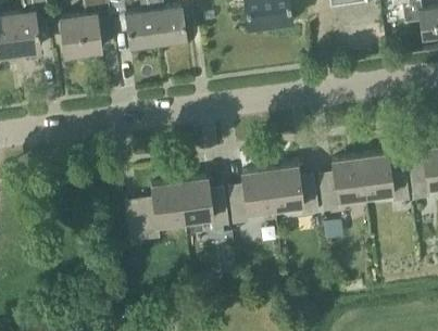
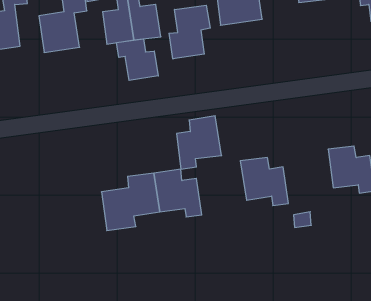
building: none -> [169,5,210,59]
building: none -> [117,39,158,80]
building: [320,158,366,214] -> none
building: [229,170,276,226] -> [177,116,222,169]

